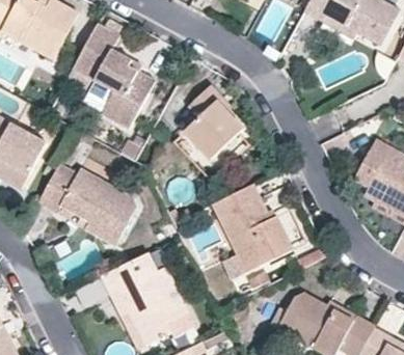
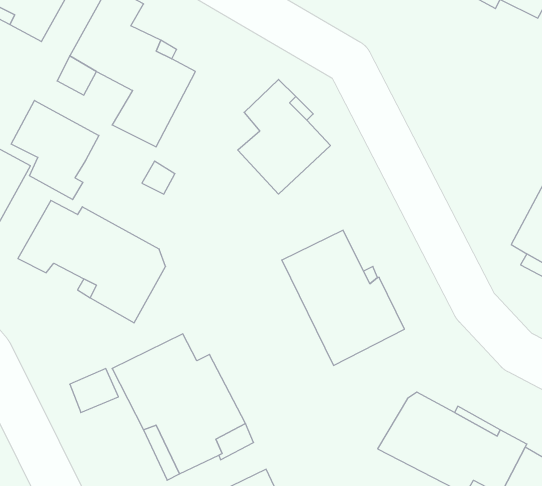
building: none -> [11,100,99,200]

